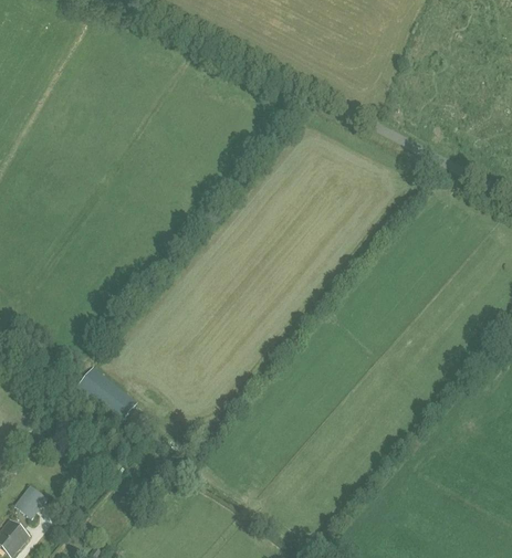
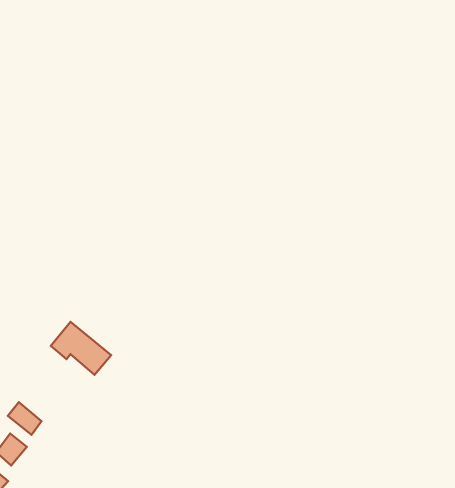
building: none -> [8,402,42,435]

